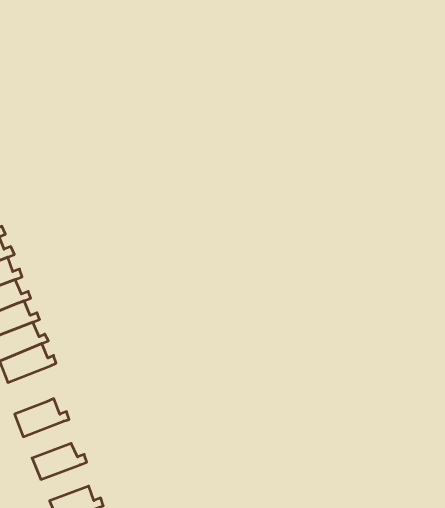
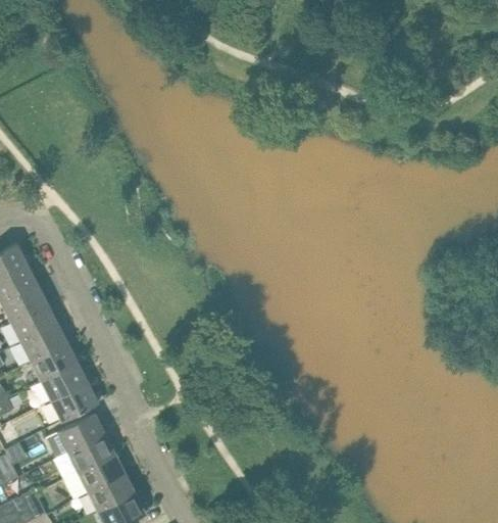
building: none -> [48,383,103,422]
building: none -> [67,434,119,472]
building: none -> [88,474,140,511]

